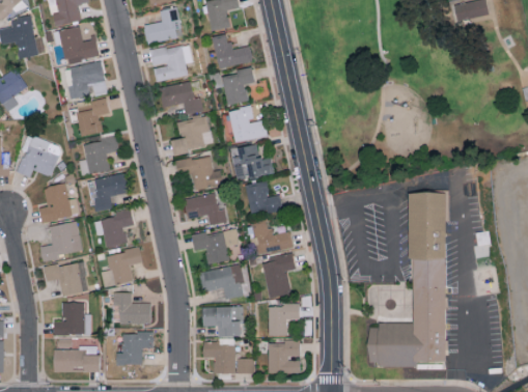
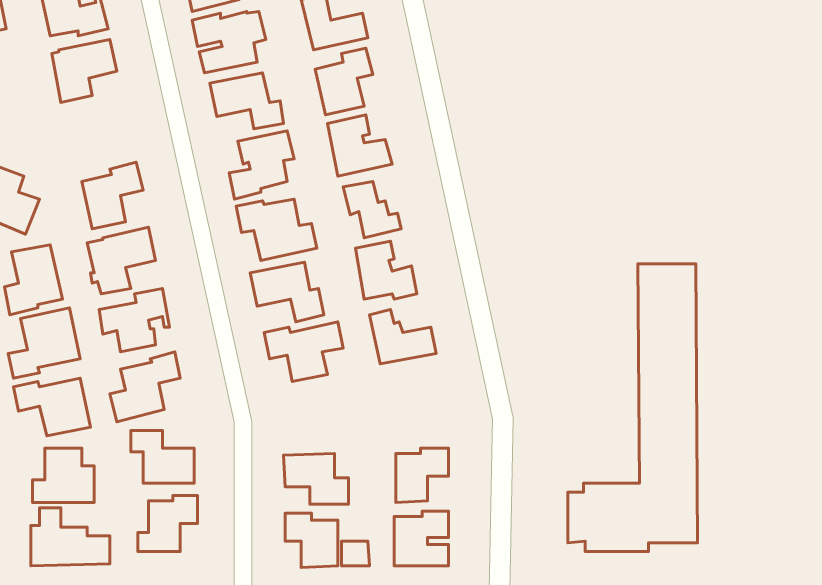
building: [76,99,108,137] -> none
building: [260,253,296,300] -> none
building: [198,264,243,301] -> none

